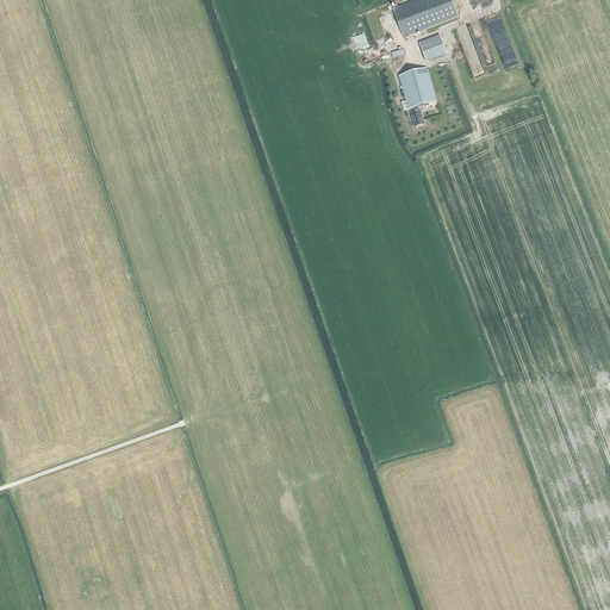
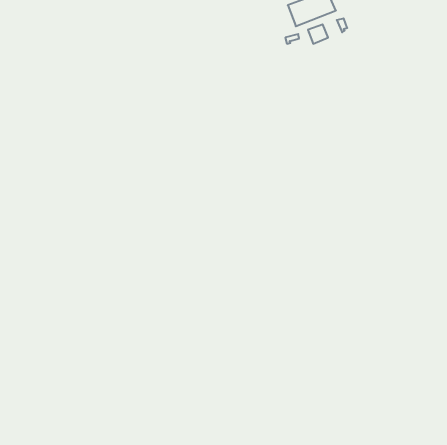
building: [398,67,435,125] -> none

